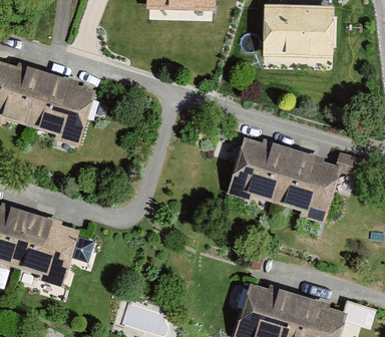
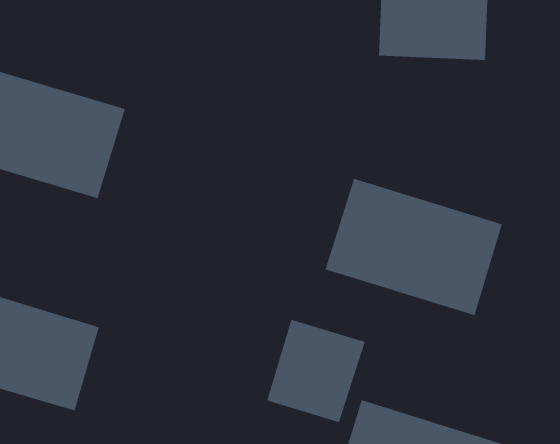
building: none -> [266,319,366,423]

